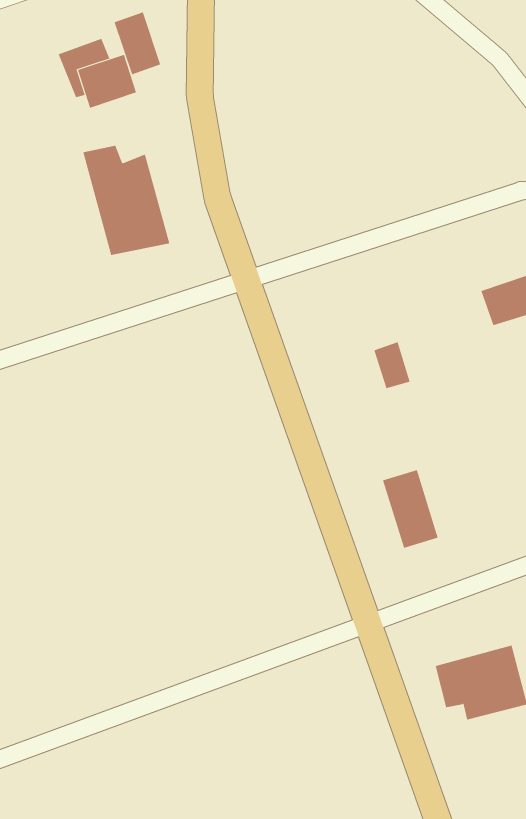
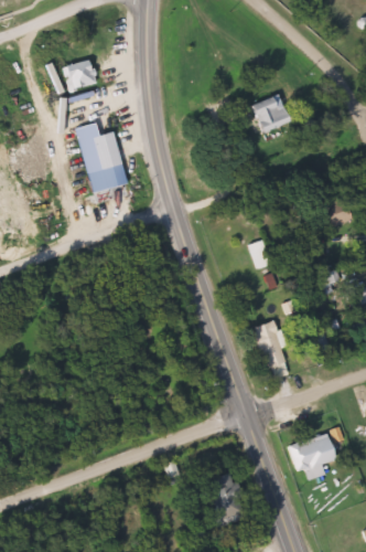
building: [114,11,161,75] -> none
building: none -> [243,85,291,132]
building: none -> [212,476,248,528]

